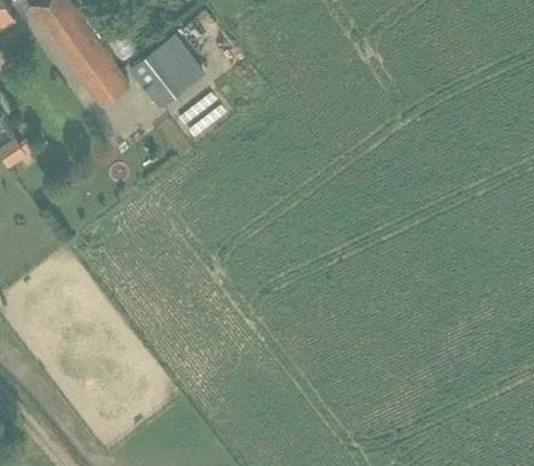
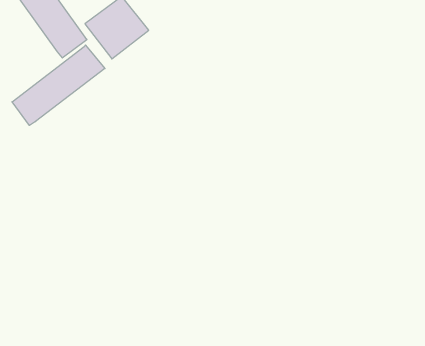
building: none -> [12,45,105,125]

